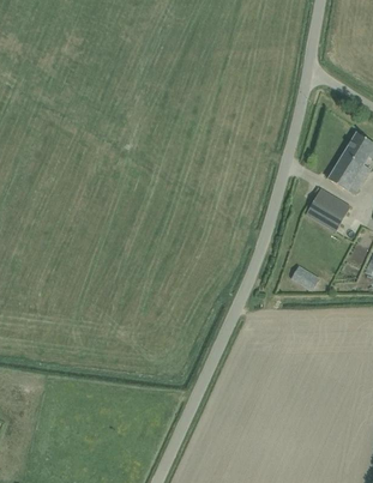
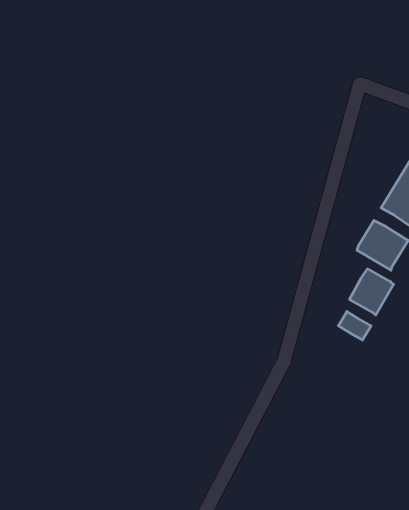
building: none -> [350,269,394,315]

